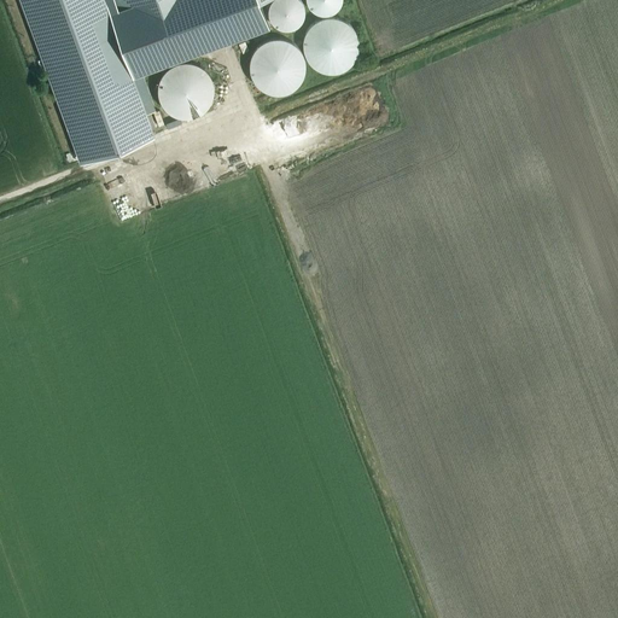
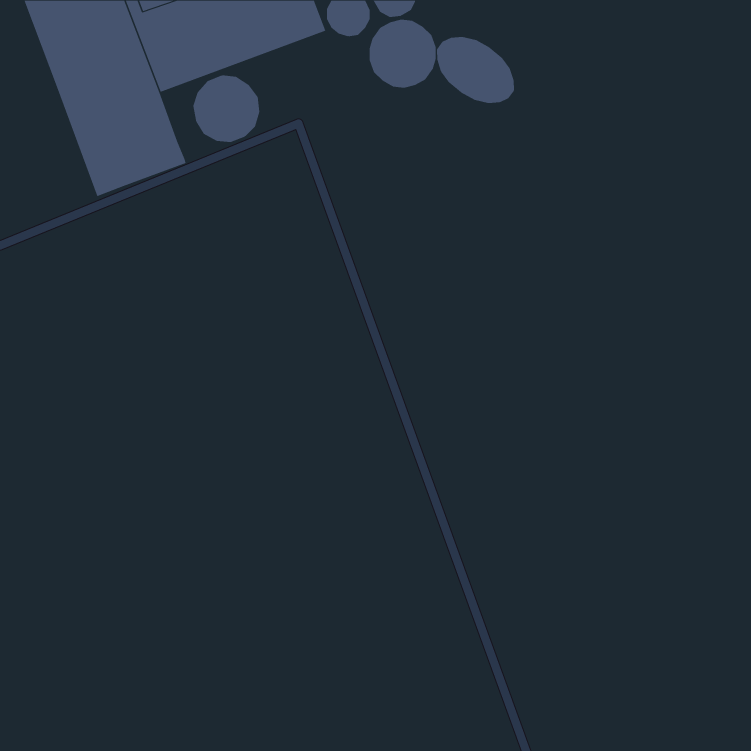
building: none -> [436,36,514,104]
building: [250,37,305,93] -> none

